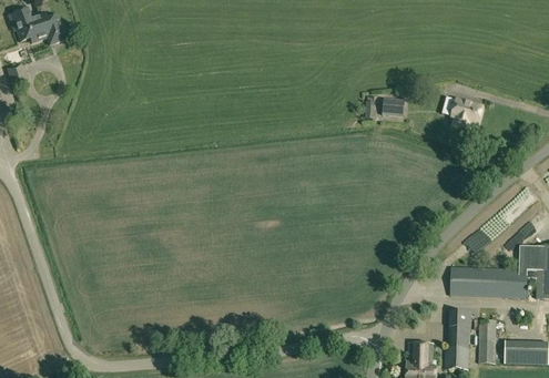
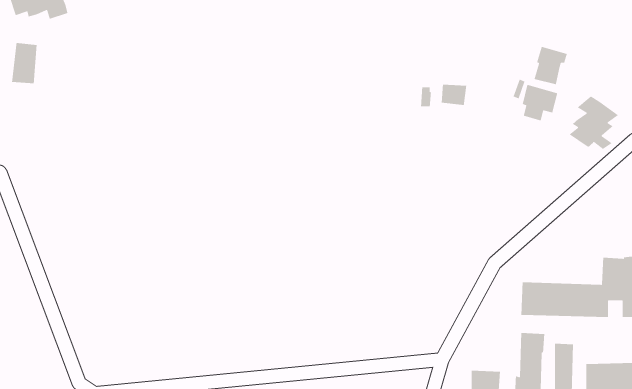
building: none -> [11,42,38,84]
building: none -> [533,46,568,85]
building: none -> [569,95,619,150]

